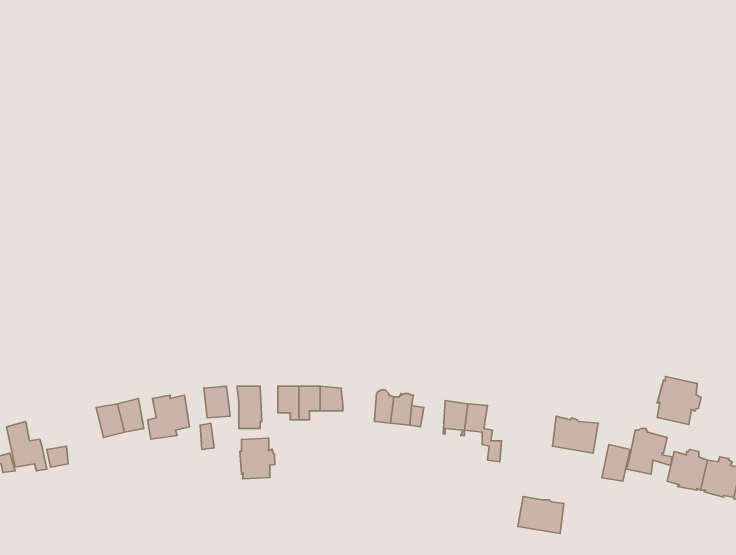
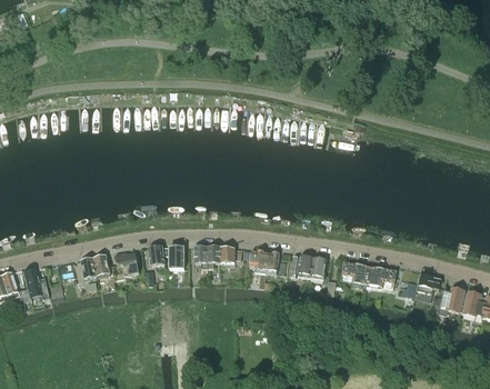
building: [657,376,701,425] -> none
building: [240,438,275,479] -> none
building: [518,496,564,533] -> [341,260,370,283]

